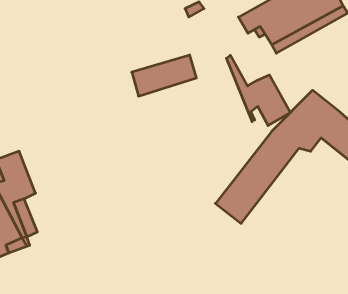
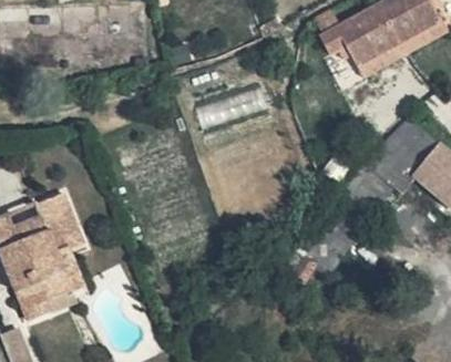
building: [226,55,291,126] -> none

